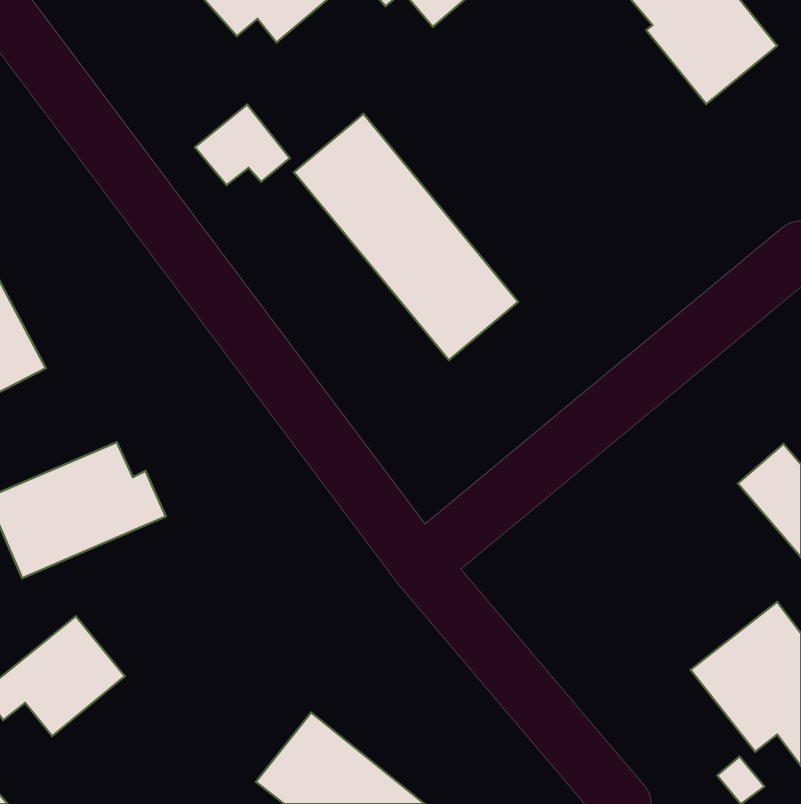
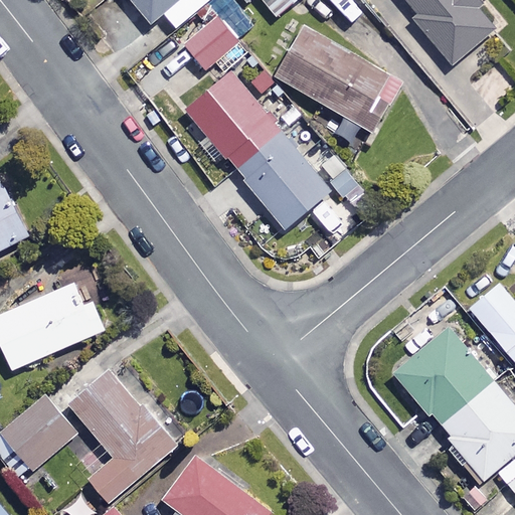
building: none -> [278,29,400,133]
building: [195,105,290,185] -> [185,17,245,68]
building: none -> [390,327,488,424]
building: none -> [69,368,177,502]

